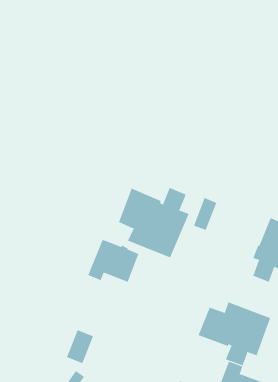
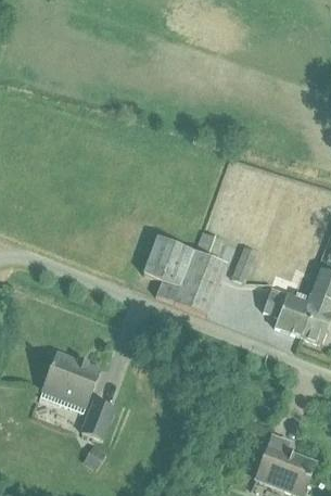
building: none -> [263,288,306,335]
building: [87,239,139,283] -> [39,352,100,403]
building: [198,301,271,366] -> none

